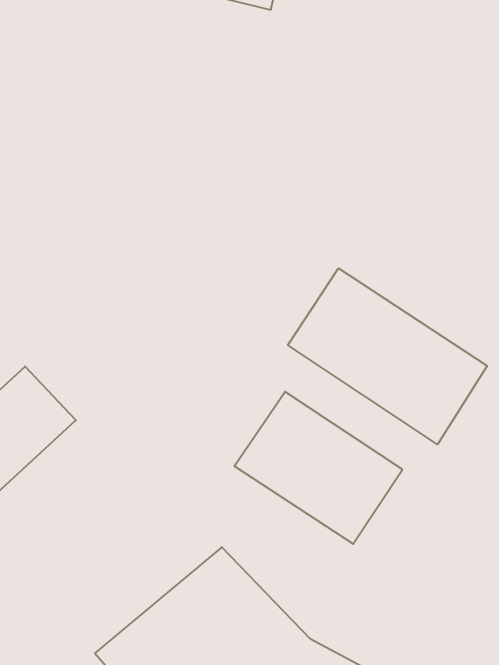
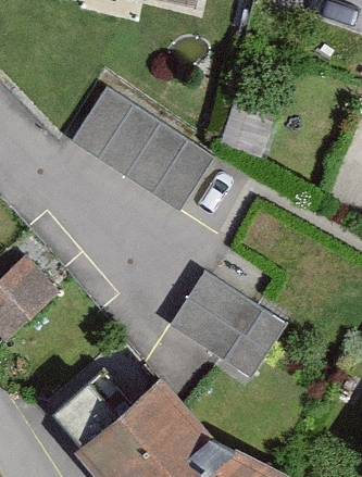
building: none -> [73,87,215,211]
building: [288,268,487,444] -> none

